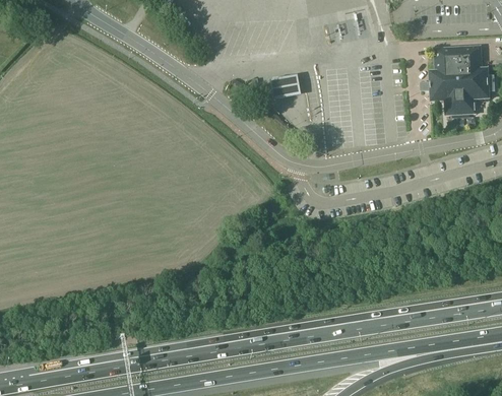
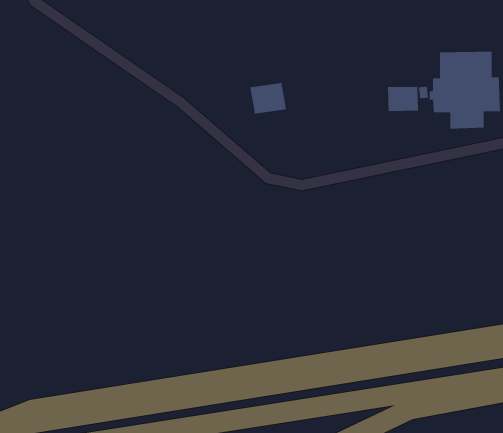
building: none -> [387,86,419,112]

